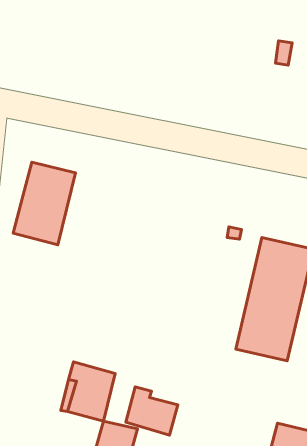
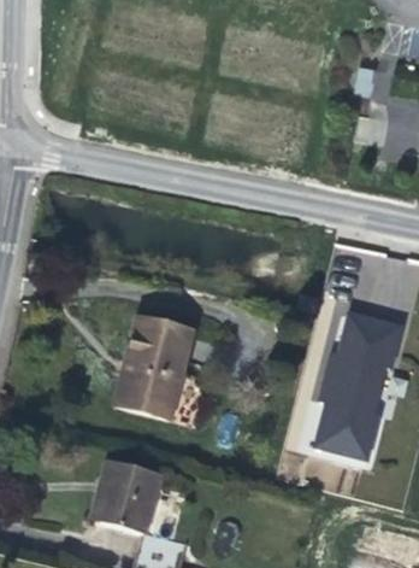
building: [13,162,75,245] -> [113,321,190,423]
building: [126,387,178,435] -> none

